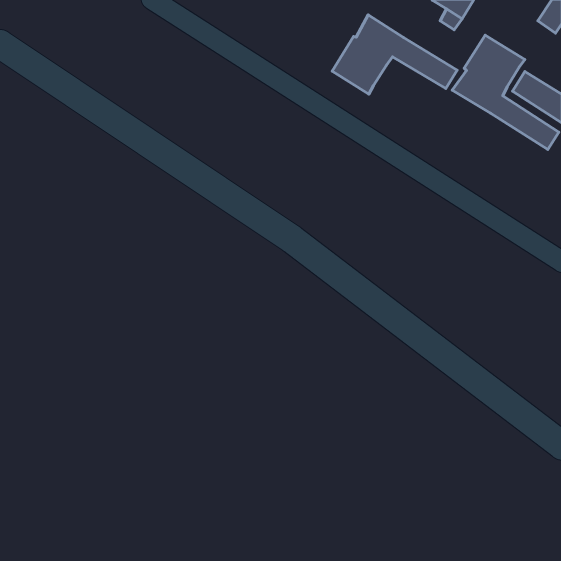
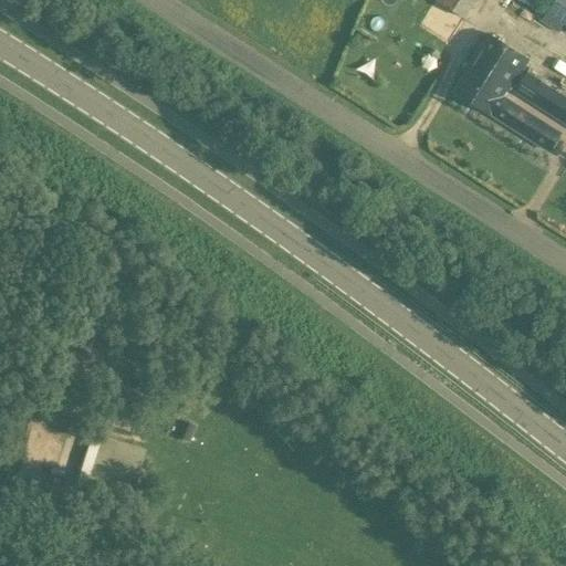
building: [332,15,457,94] -> none

